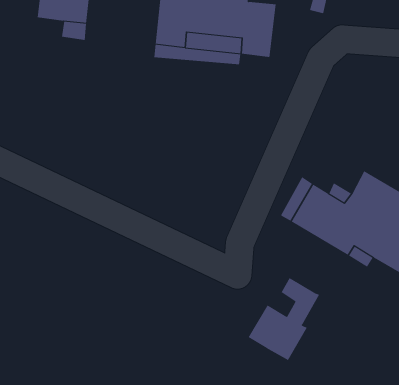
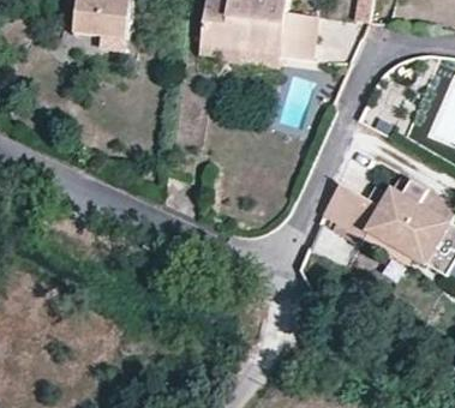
building: [248,277,320,361] -> none

